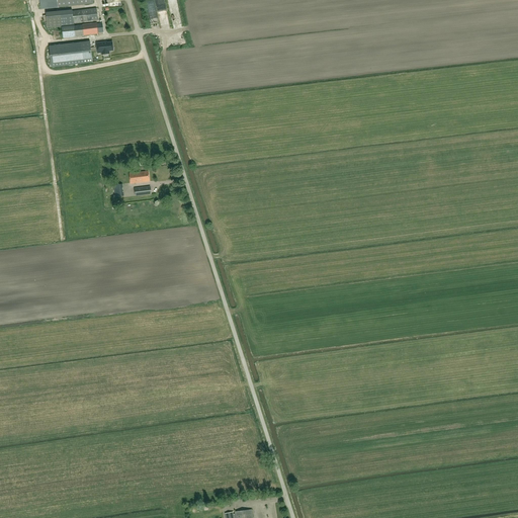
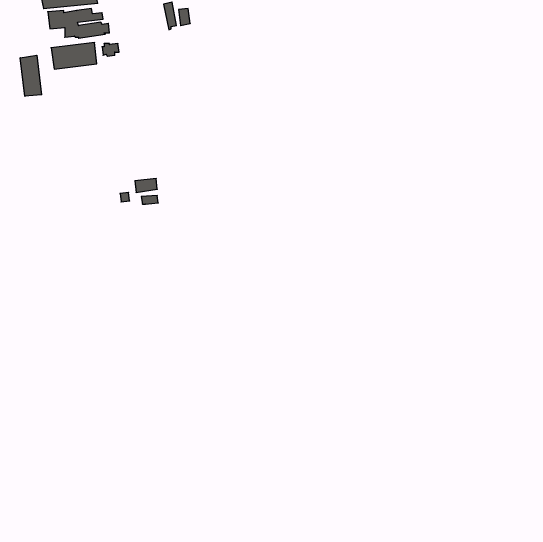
building: none -> [20,55,42,96]

